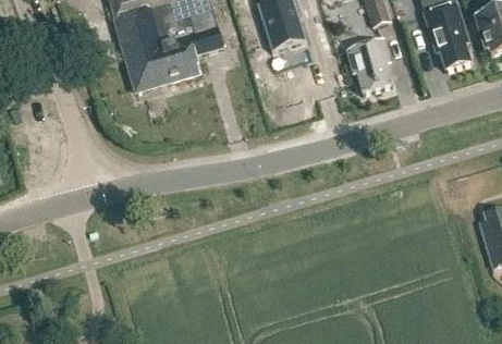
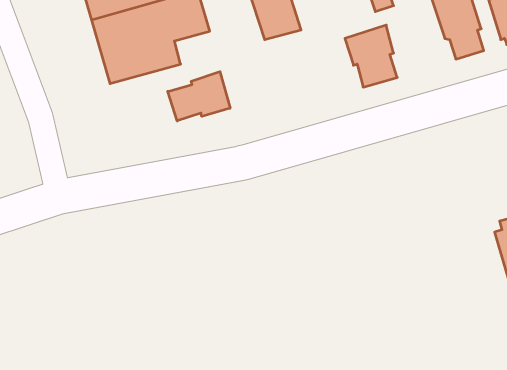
building: none -> [168,72,230,121]

